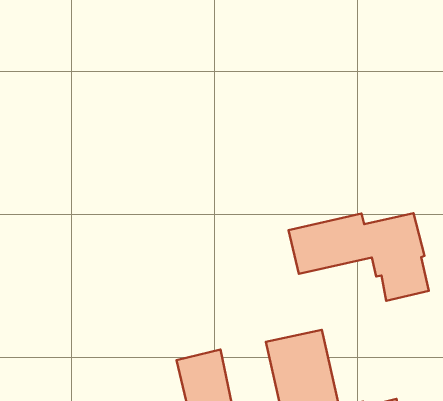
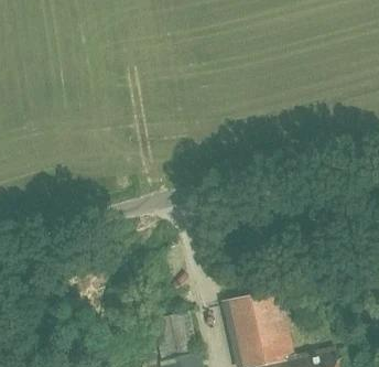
building: [288,213,429,301] -> none

